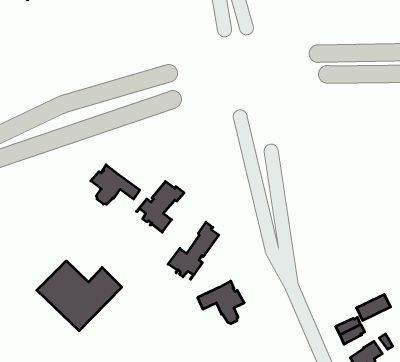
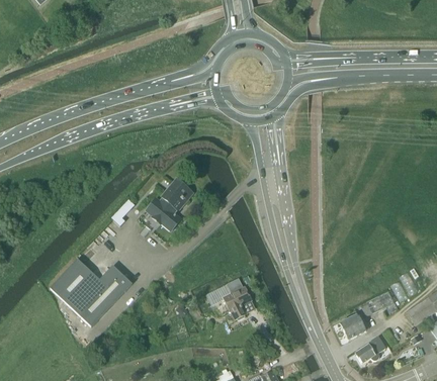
building: [91,165,140,204] -> none
building: [168,222,219,279] -> none

